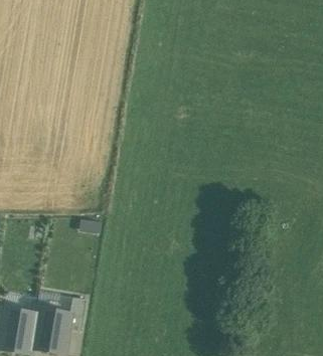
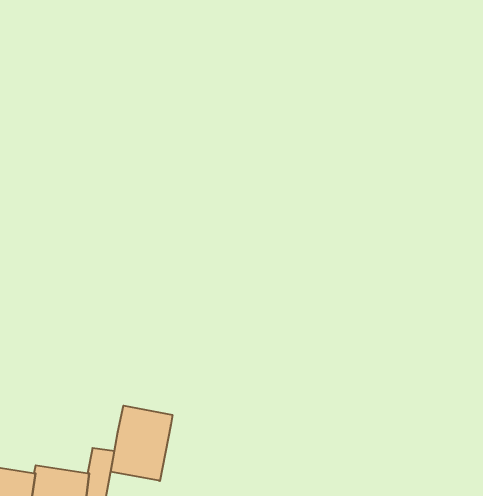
building: none -> [111,406,172,481]

